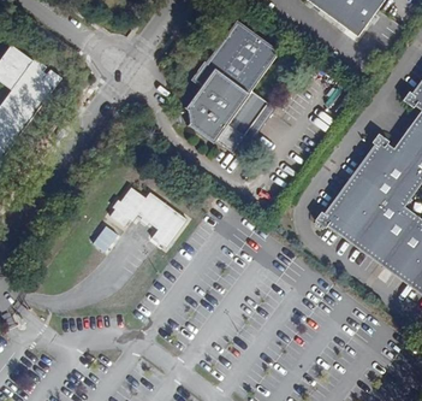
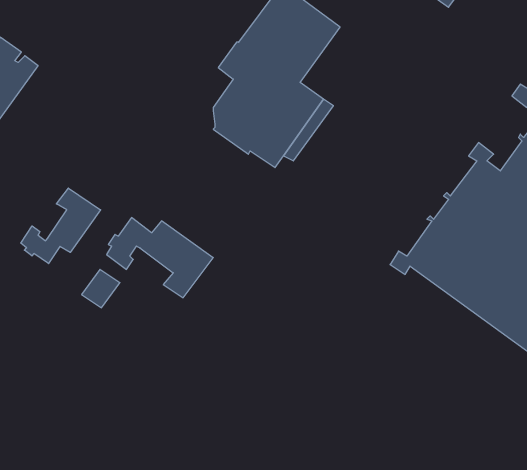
building: none -> [21,188,101,264]

